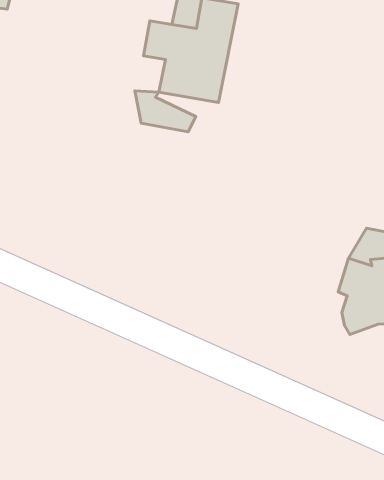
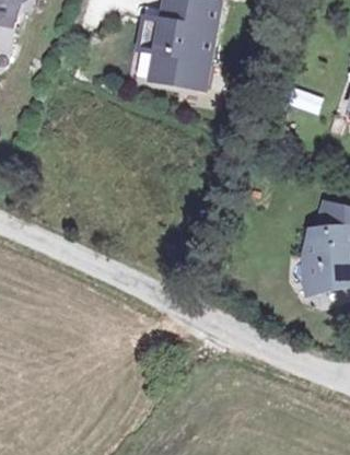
building: [135,91,196,132] -> none

